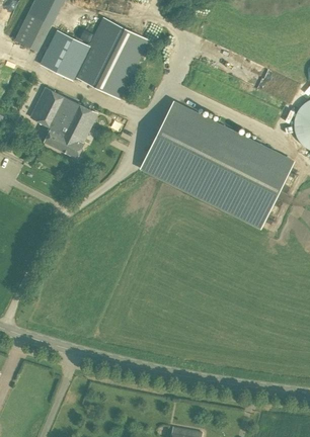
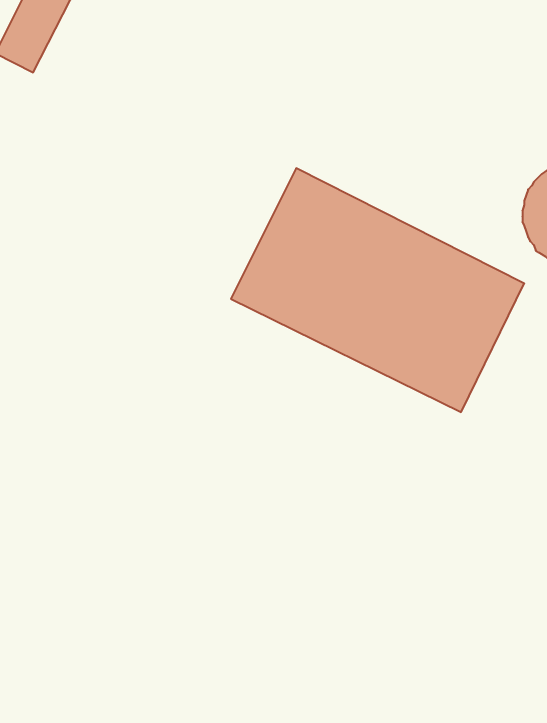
building: [38,17,148,99] -> none
building: [29,87,96,158] -> none

